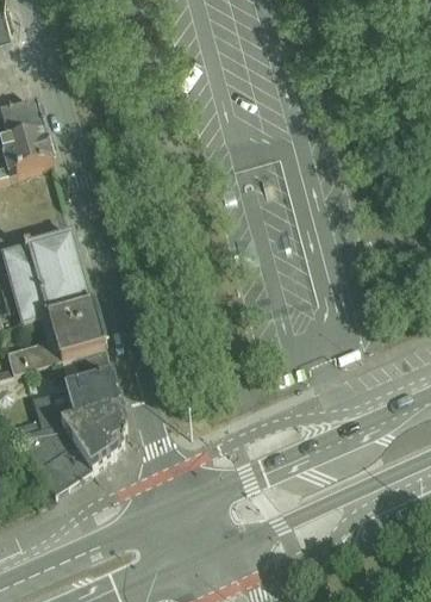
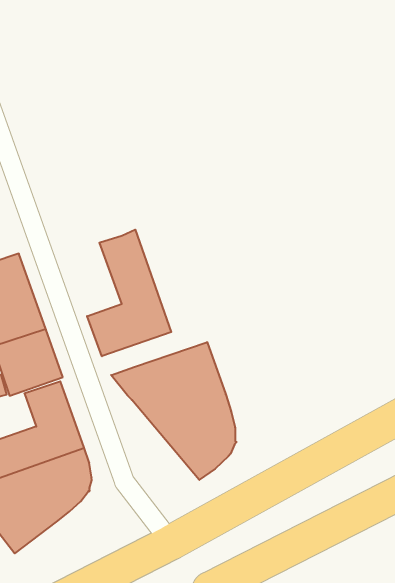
building: none -> [87,230,171,356]
building: none -> [111,342,237,480]

